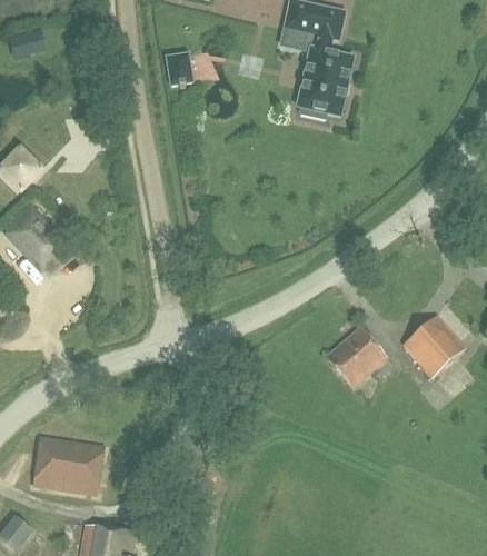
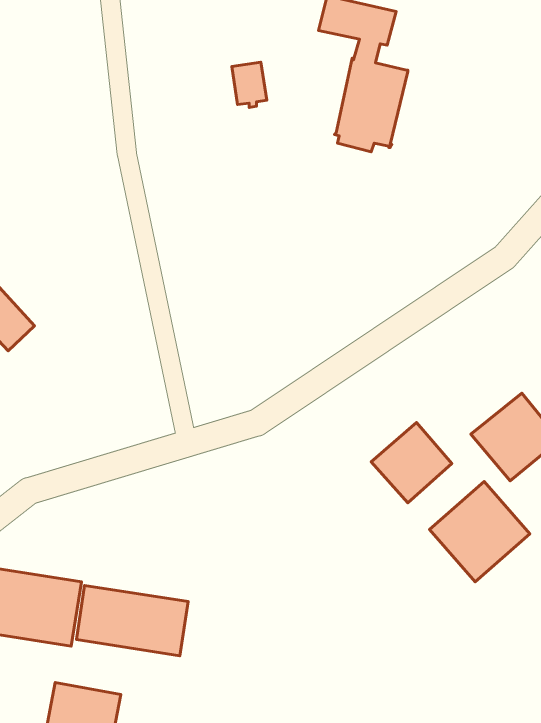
building: [166,53,192,88] -> [232,62,267,108]
building: none -> [430,482,530,582]
building: none -> [76,586,188,656]

